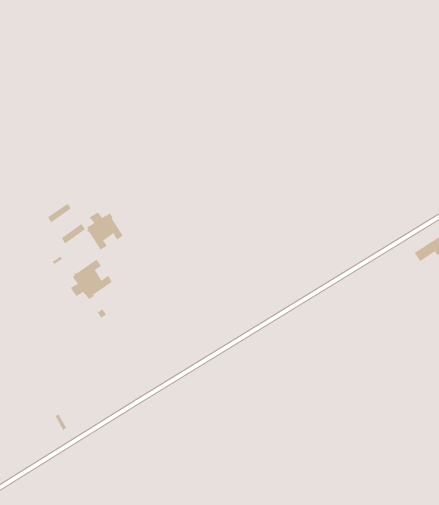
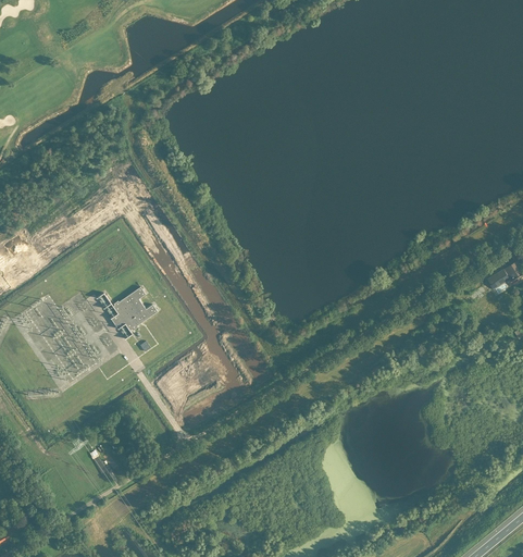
building: [86,211,123,251] -> none

